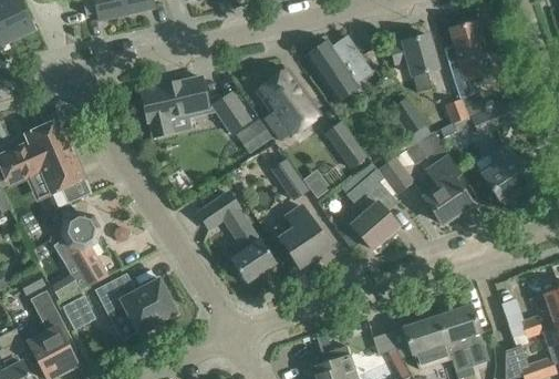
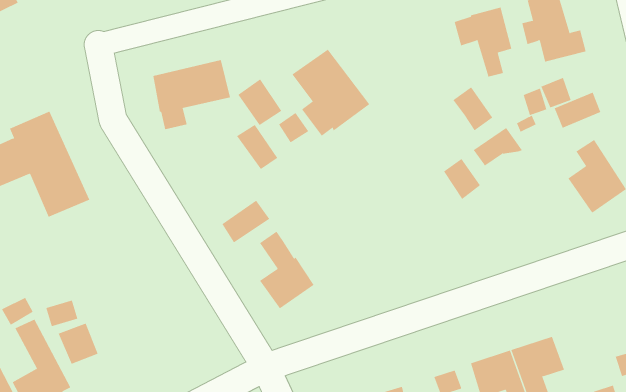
building: [304,35,373,103] -> none
building: [322,117,362,164] -> none
building: [424,156,472,224] -> none
building: [272,161,307,198] -> [236,124,278,170]
building: [340,166,398,248] -> none
building: [279,205,330,268] -> none
building: [63,214,107,287] -> none
building: [94,273,177,334] -> none

